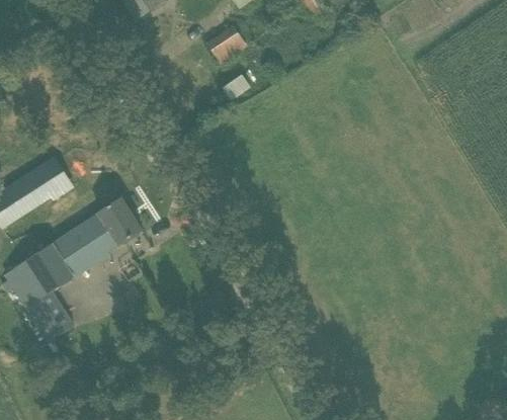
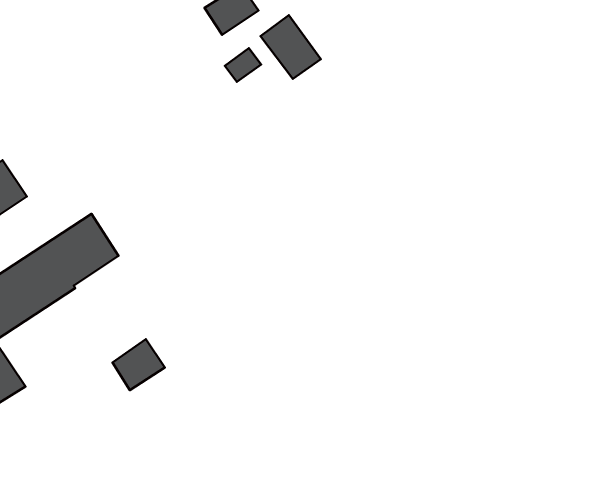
building: none -> [260,15,321,79]
building: none -> [112,339,165,390]

